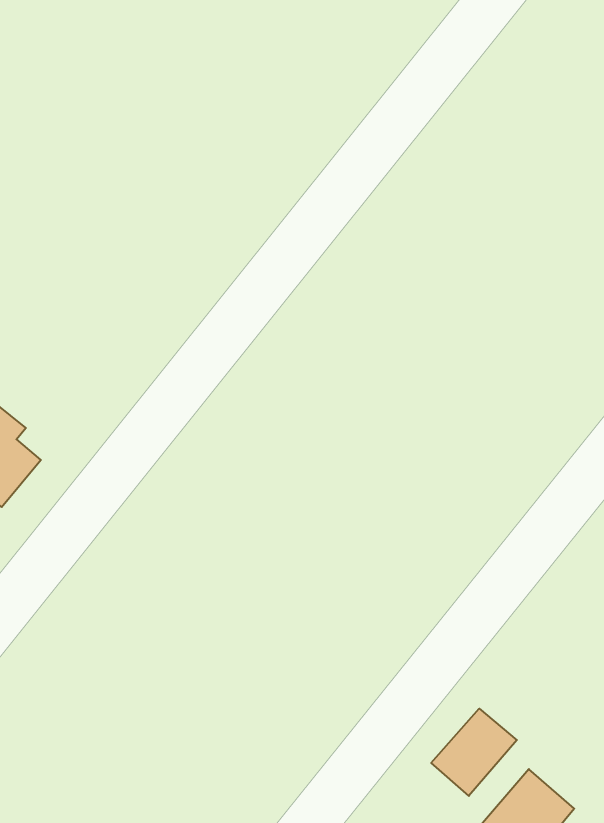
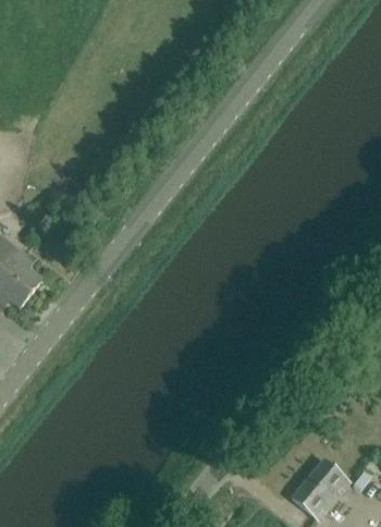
building: [431,709,517,796] -> none

